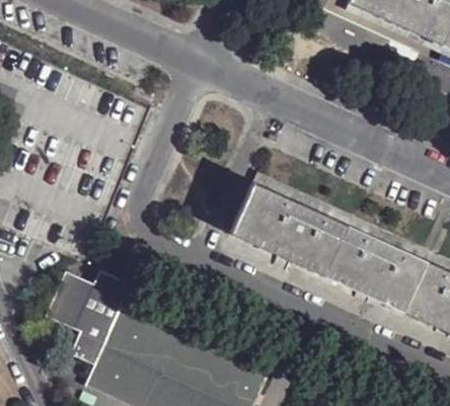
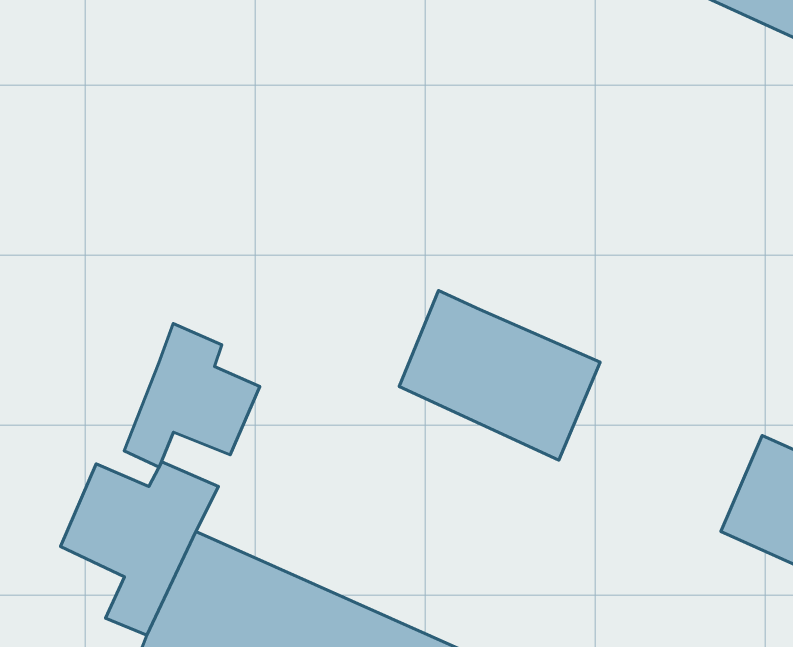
building: none -> [124,324,260,467]
building: [315,219,425,310] -> none

